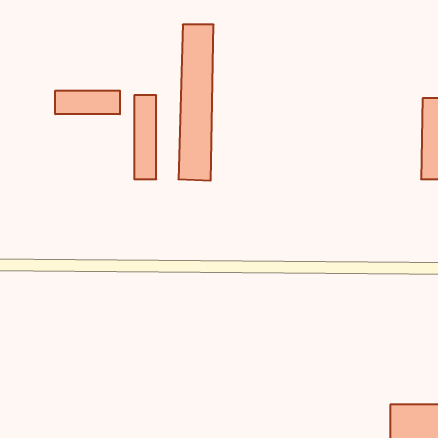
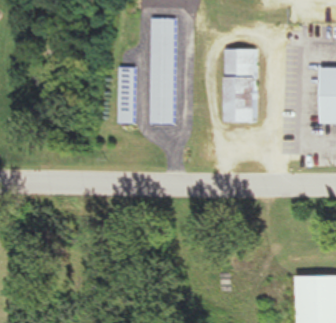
building: none -> [225,48,255,122]
building: [55,91,120,114] -> none

